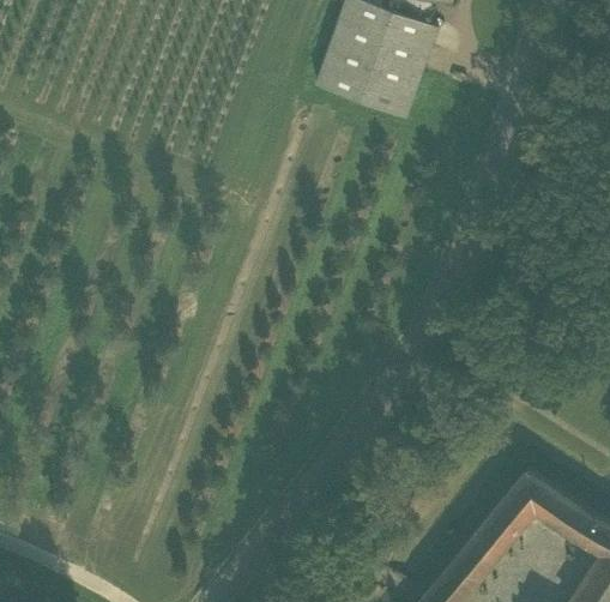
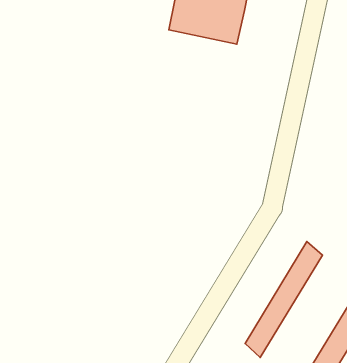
building: none -> [245,242,322,357]

